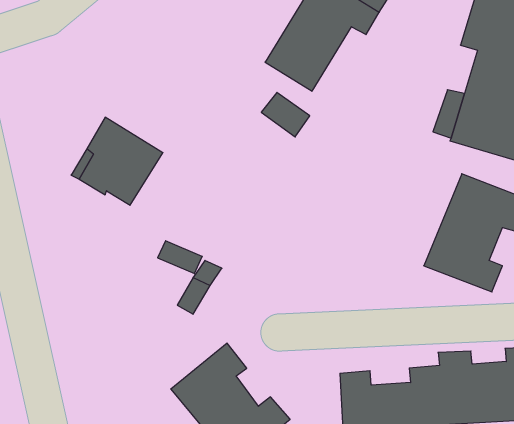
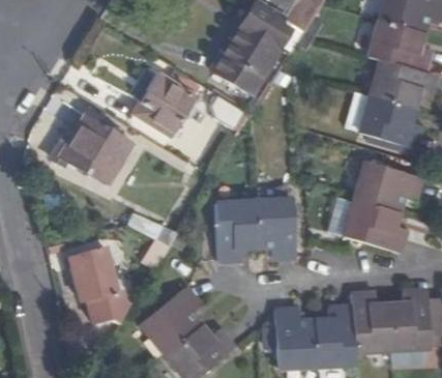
building: none -> [130,64,198,135]
building: none -> [214,202,294,265]
building: none -> [66,245,134,323]

